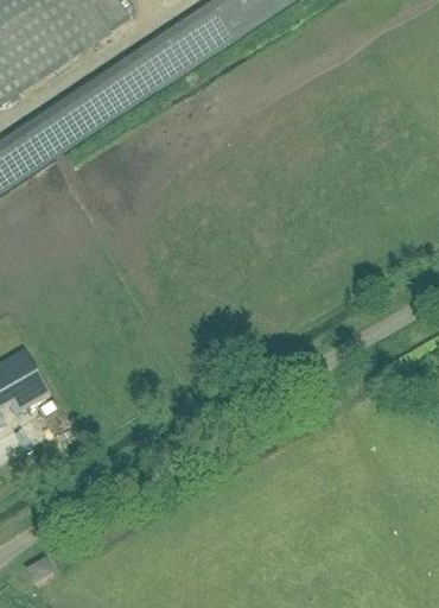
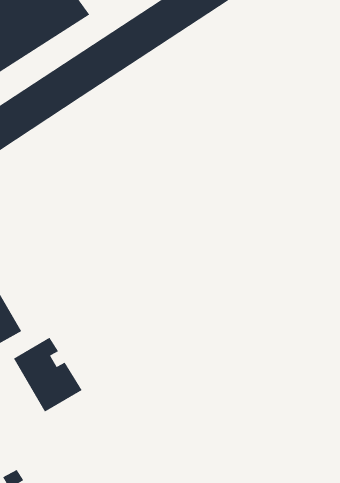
building: none -> [13,337,83,413]

